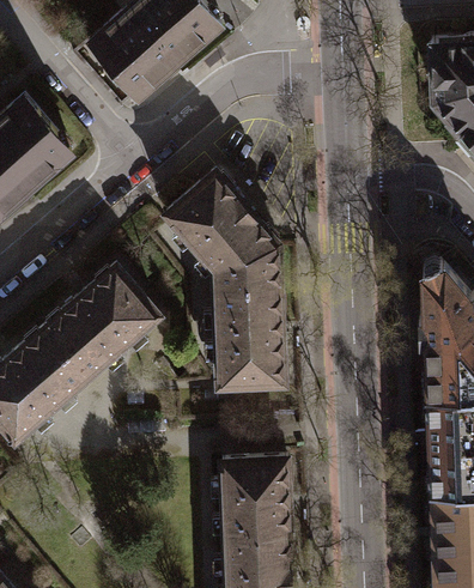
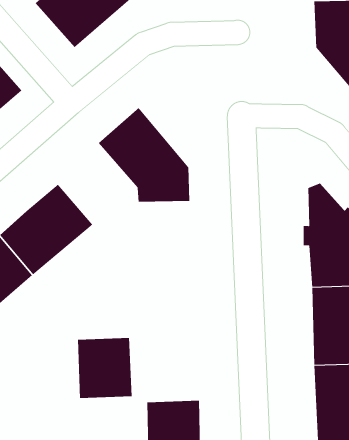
building: [213,289,282,387] -> none
building: [221,461,290,537] -> [77,337,133,399]

